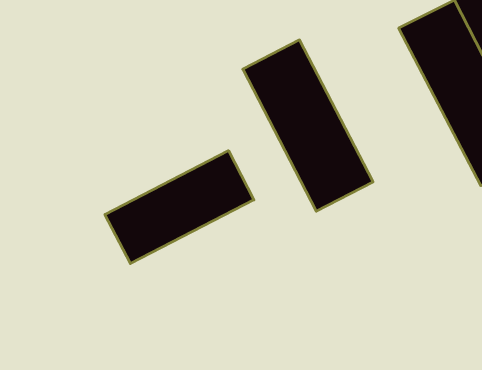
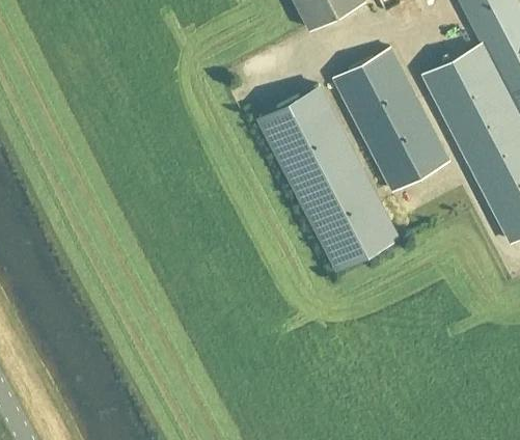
building: none -> [334,51,449,193]
building: [105,151,254,264] -> none

